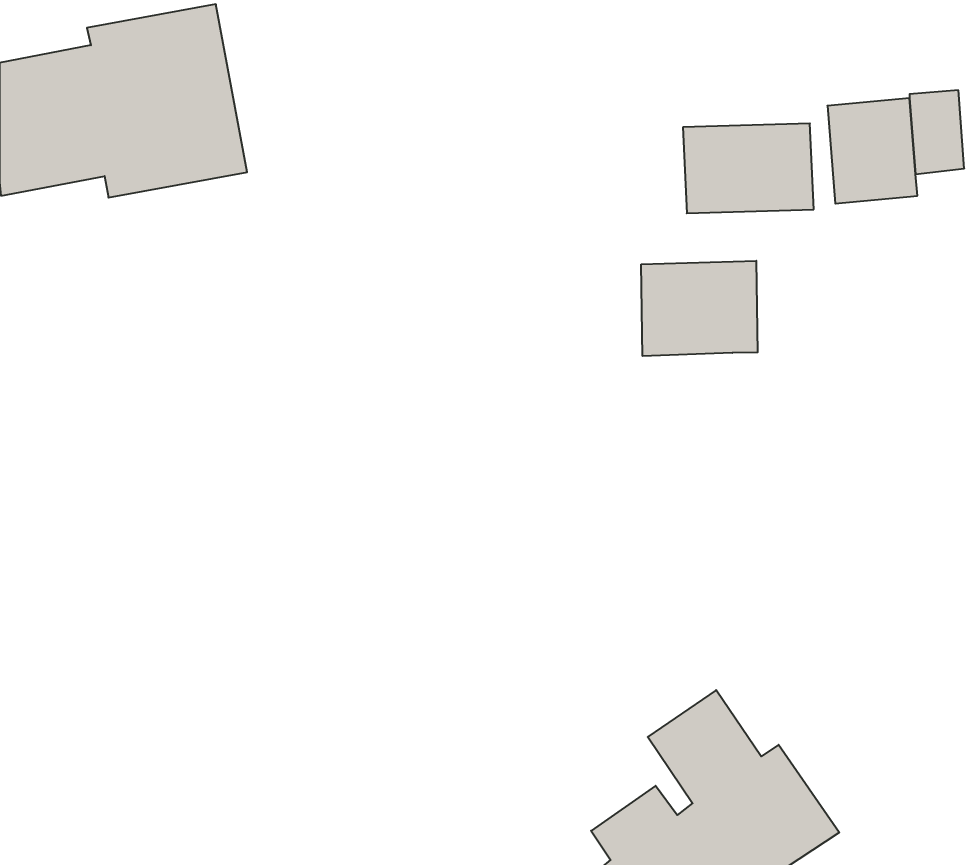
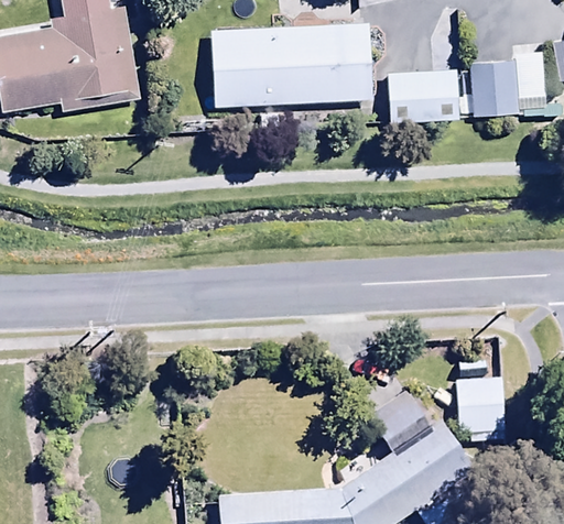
building: none -> [209,23,372,108]
building: [641,261,758,356] -> none
building: none -> [456,376,506,440]

